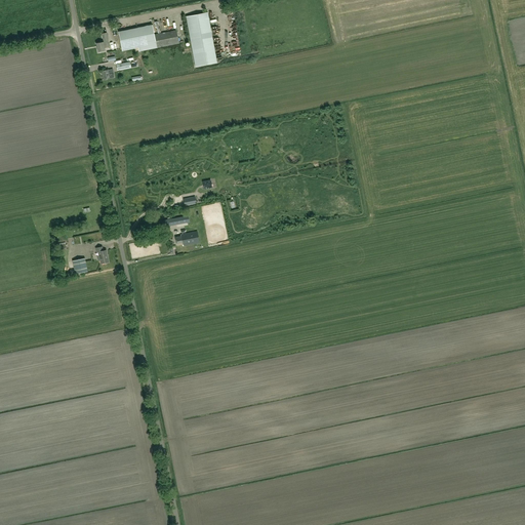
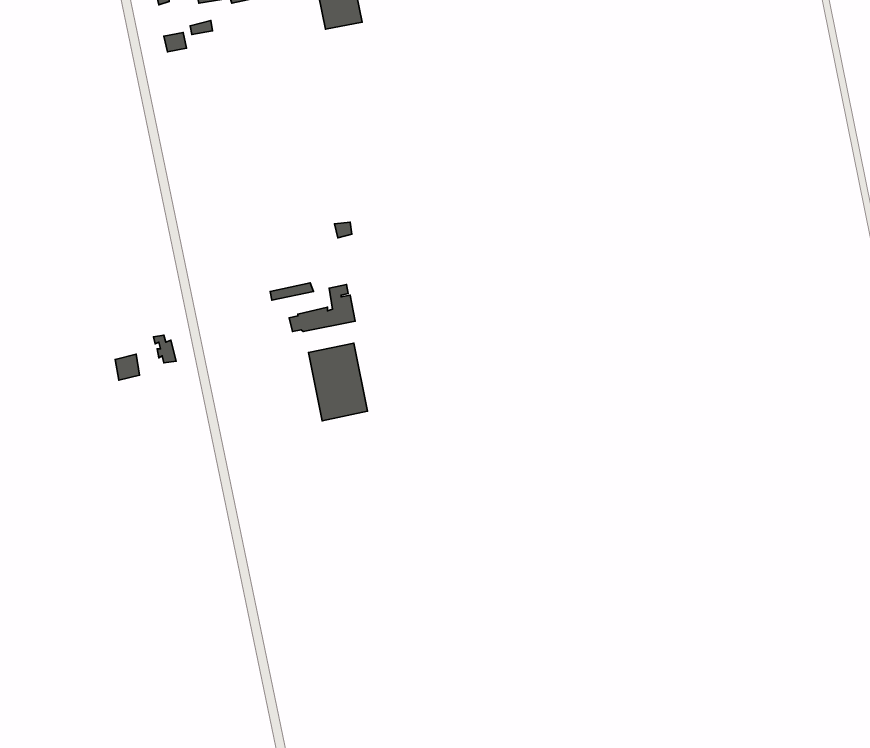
building: none -> [309,343,367,421]

